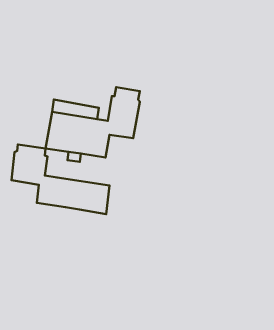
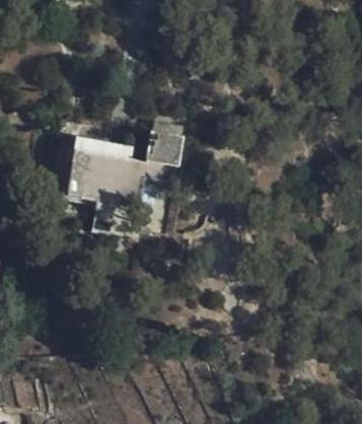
building: [11,145,110,214] -> none

